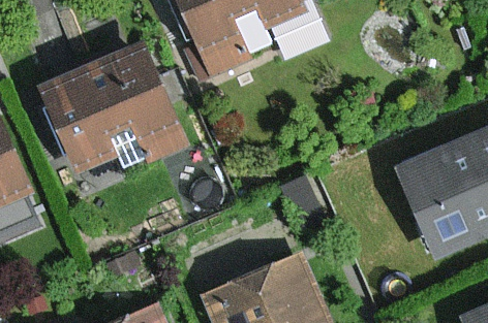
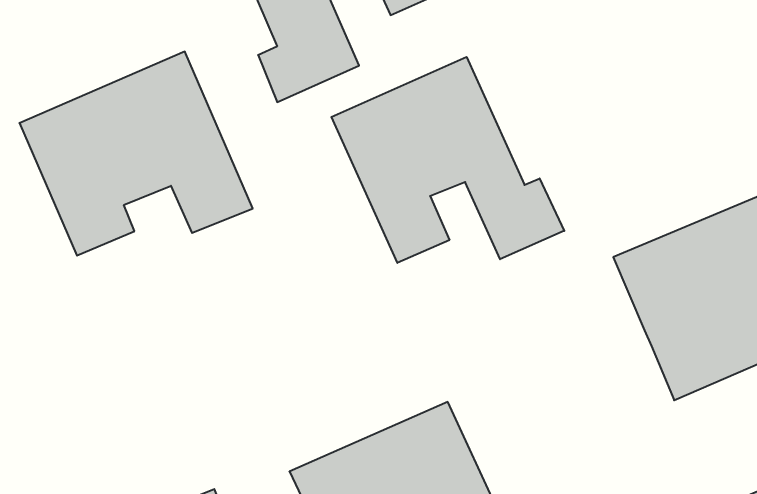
building: none -> [331,57,564,263]

